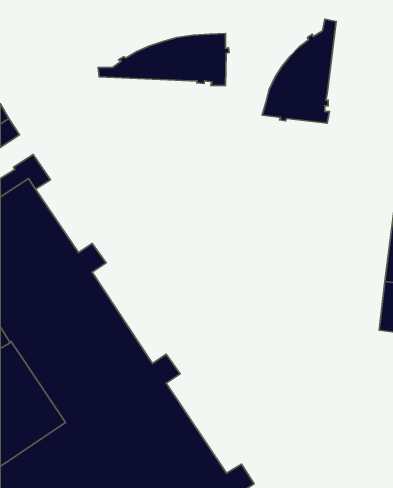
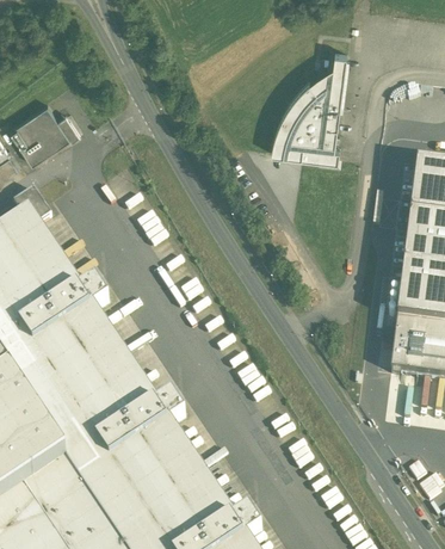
building: [98,34,229,85] -> none
building: none -> [10,103,80,161]

